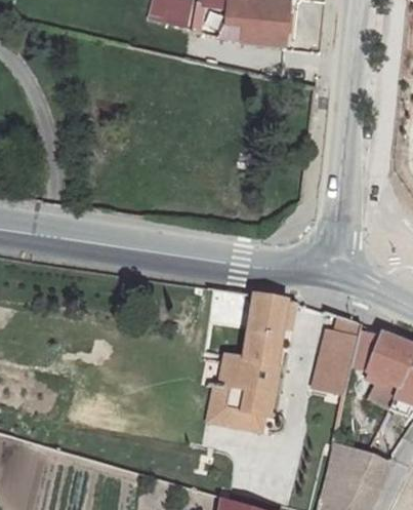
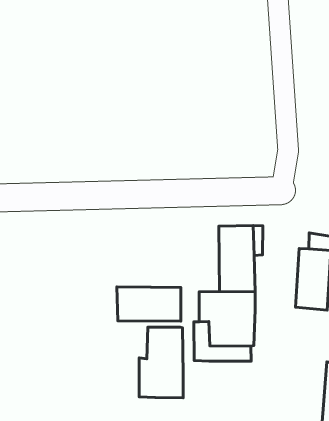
building: none -> [117,287,181,321]
building: none -> [139,327,183,398]

